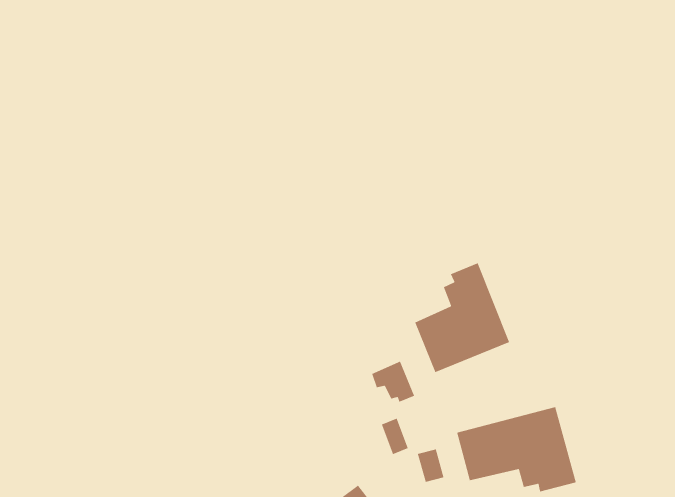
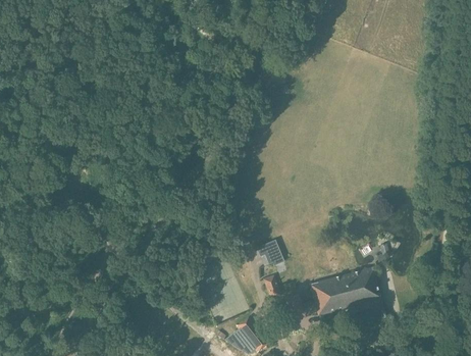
building: [414,262,510,373] -> none

